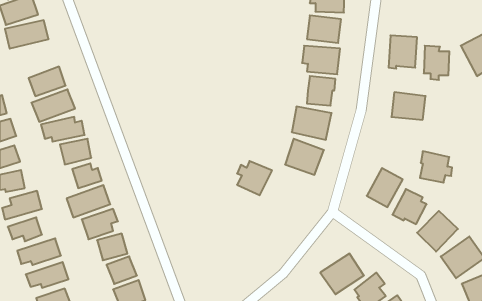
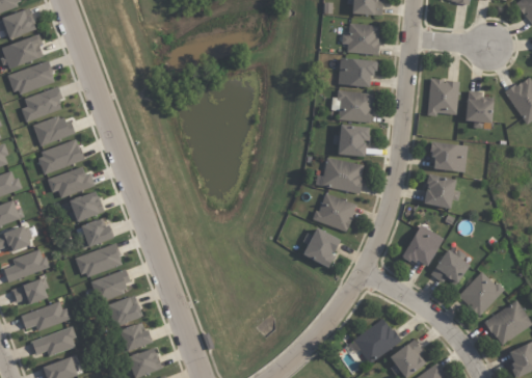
building: none -> [21,87,64,120]
building: [420,151,452,183] -> [424,173,459,208]
building: [237,161,272,195] -> [302,228,341,266]

